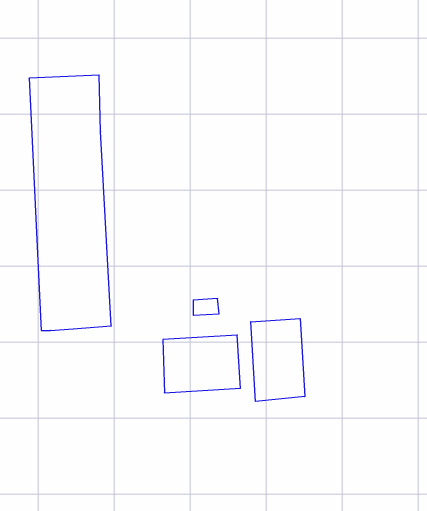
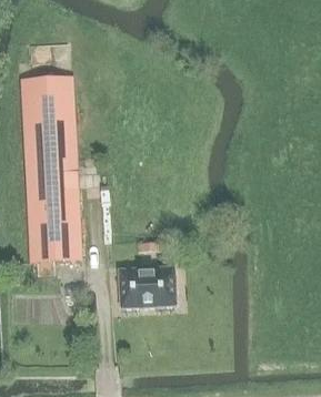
building: [251,319,305,401] -> none

